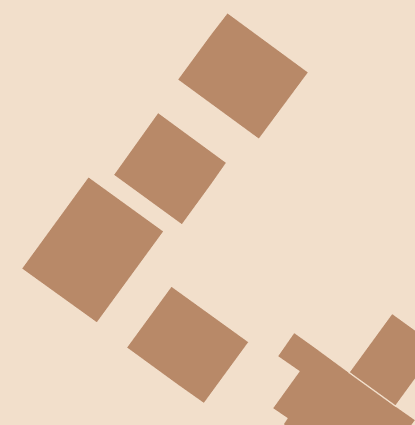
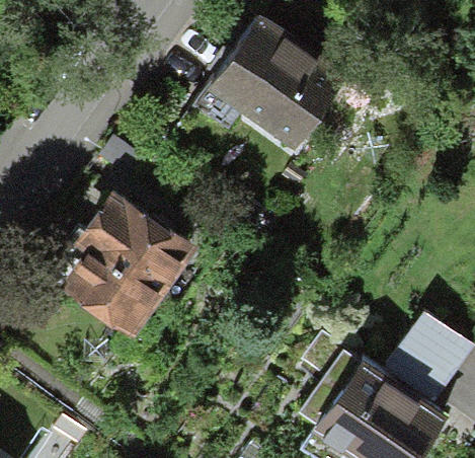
building: [113,112,227,225] -> none
building: [126,286,249,404] -> none

